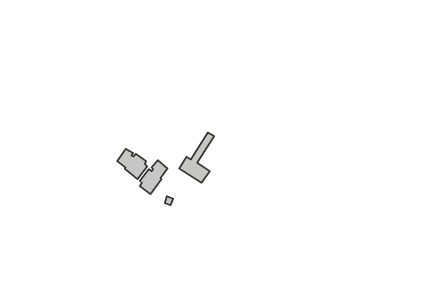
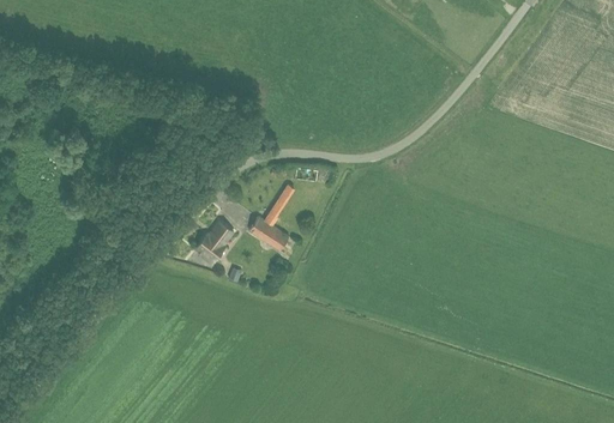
building: [117,149,147,179] -> none

